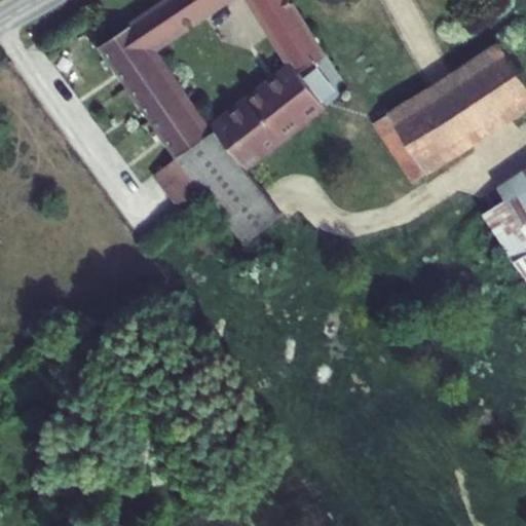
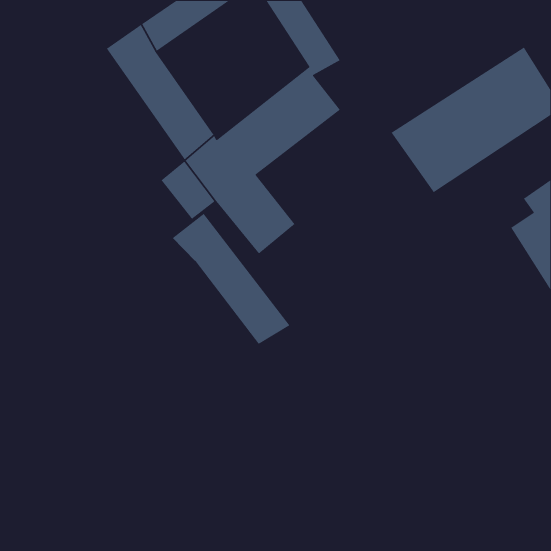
building: none -> [172,213,290,345]

